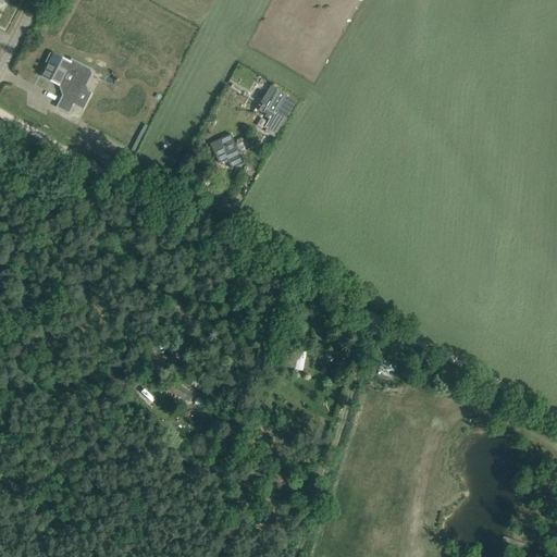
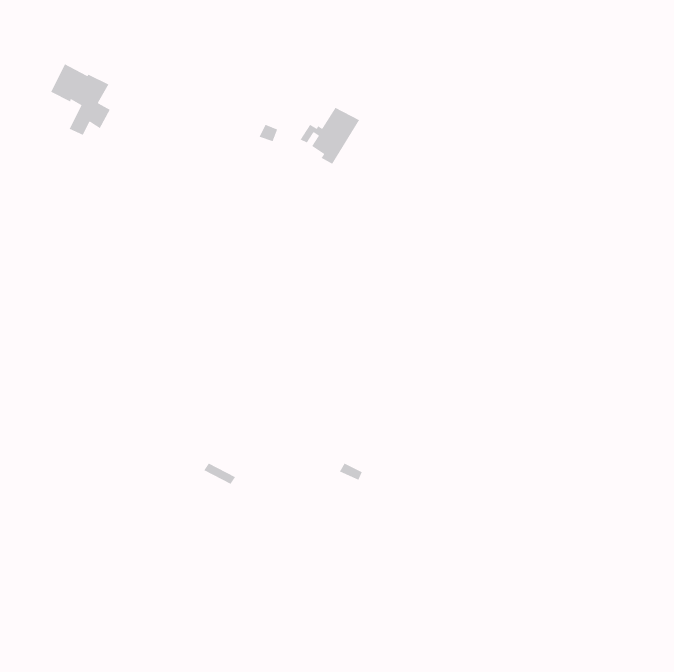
building: [210,133,244,168] -> none

